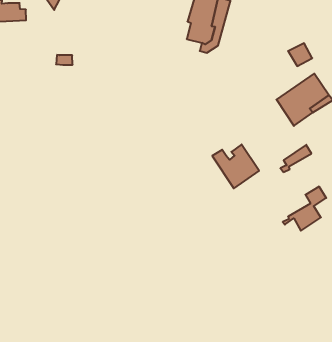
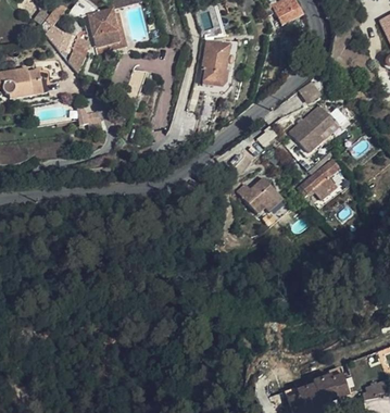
building: [283,187,326,231] -> [302,163,340,205]

